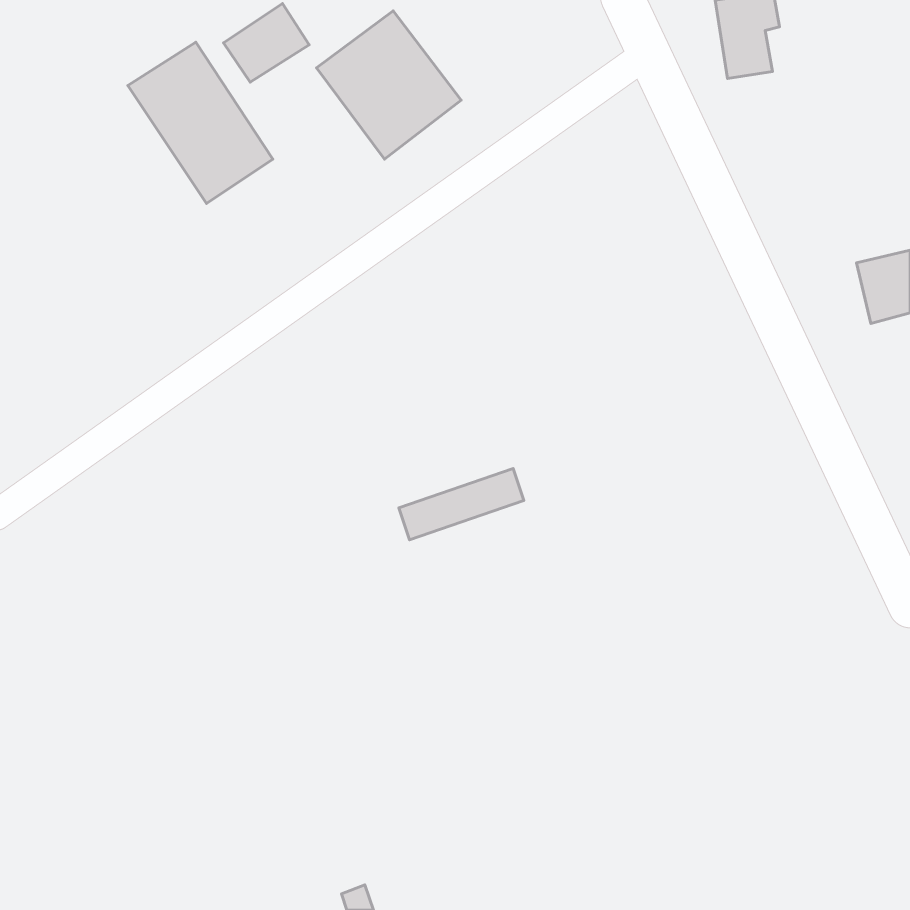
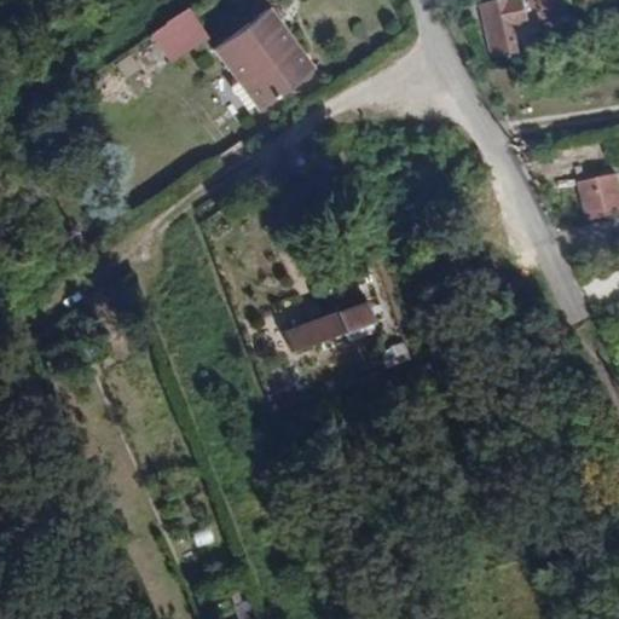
building: [128,42,273,203] -> none

